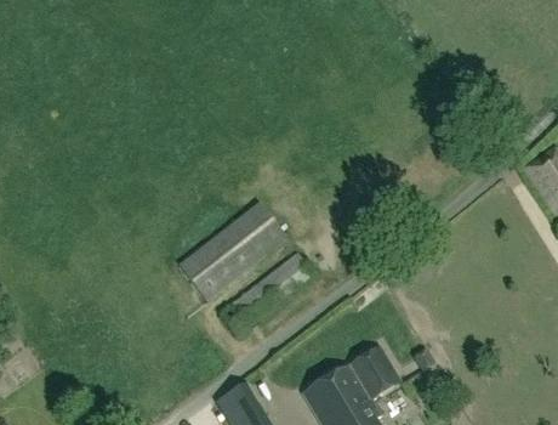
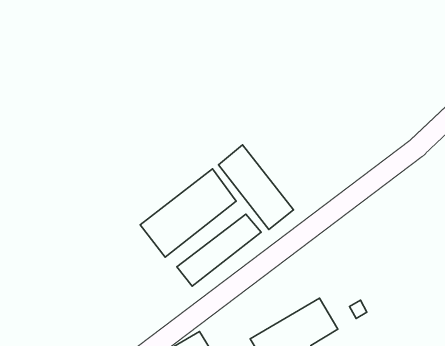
building: none -> [219,145,294,230]

